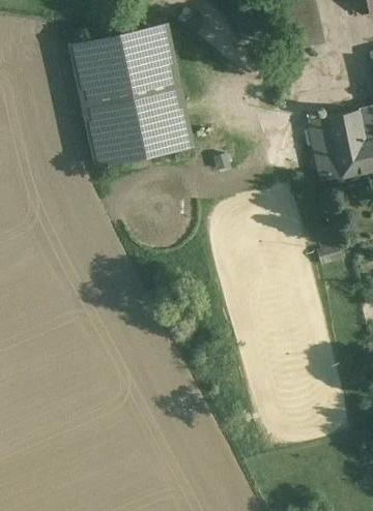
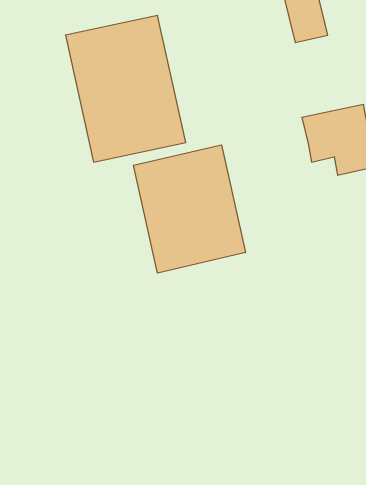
building: none -> [134,145,245,273]

